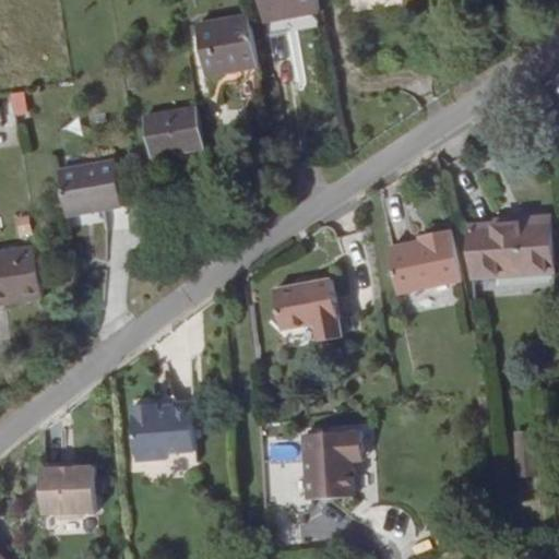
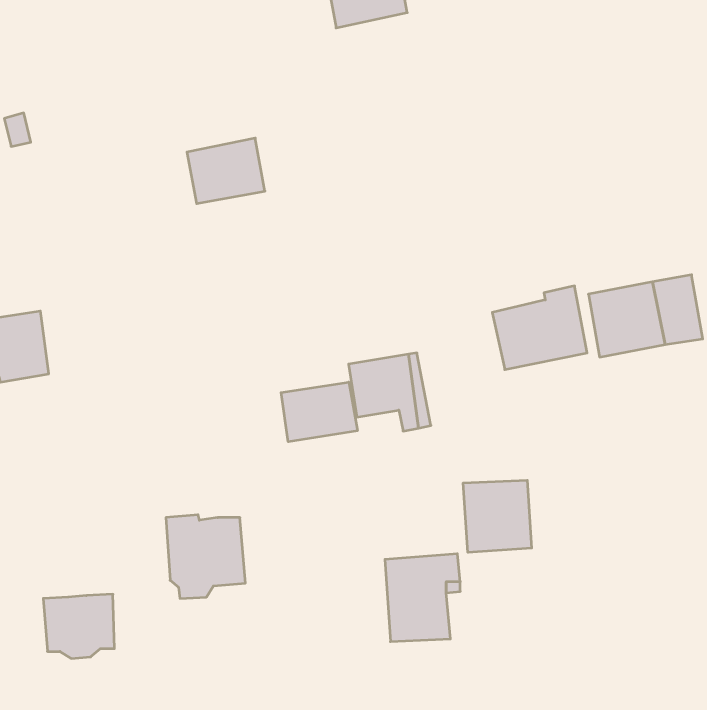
building: [198,15,259,76] -> none
building: [62,163,127,219] -> none
building: none -> [281,382,357,442]
building: none -> [463,480,532,552]

